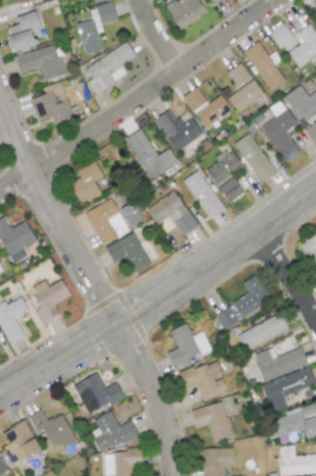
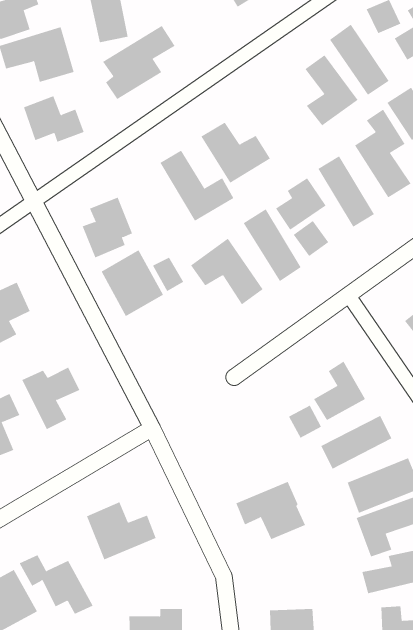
building: [185,87,232,128] -> none
building: [106,231,152,273] -> none
building: [168,323,212,367] -> none
building: [192,402,232,440] -> none
building: [94,411,139,453] -> none

